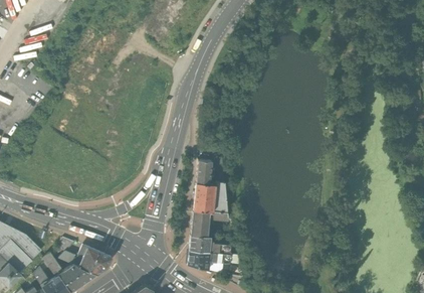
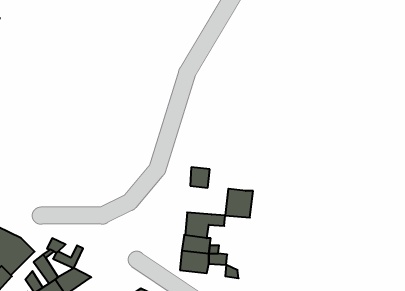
building: [192,184,219,212] -> [225,189,253,218]
building: [81,246,117,274] -> none

